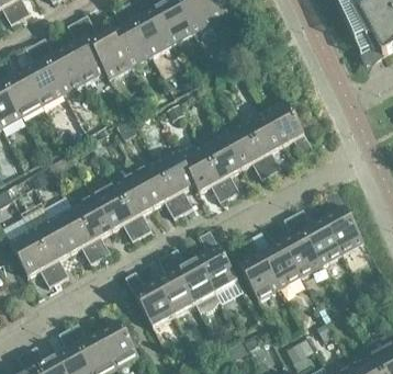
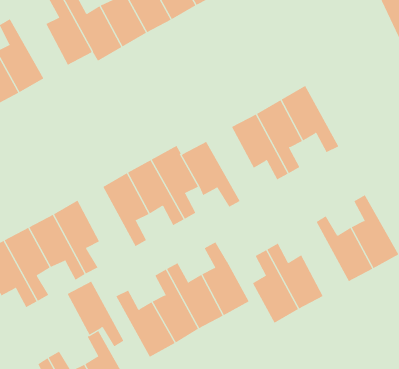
building: [36,38,85,94] -> none
building: [202,135,242,197] -> none
building: [93,185,142,241] -> [67,281,124,347]
building: [282,215,322,277] -> none

